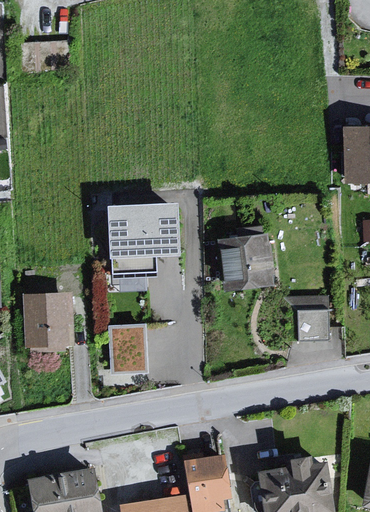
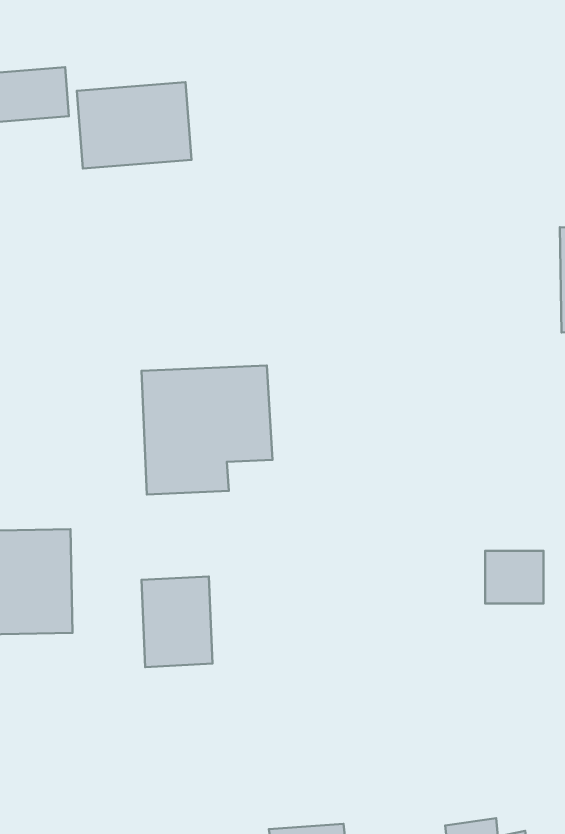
building: none -> [77,82,192,168]
building: [224,236,273,287] -> none

